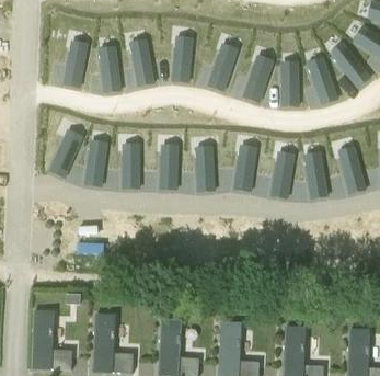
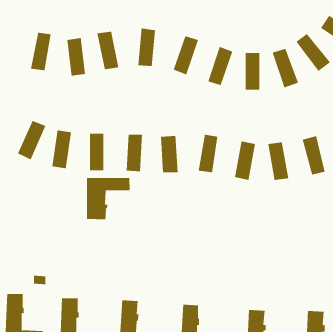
building: none -> [87,177,130,220]

